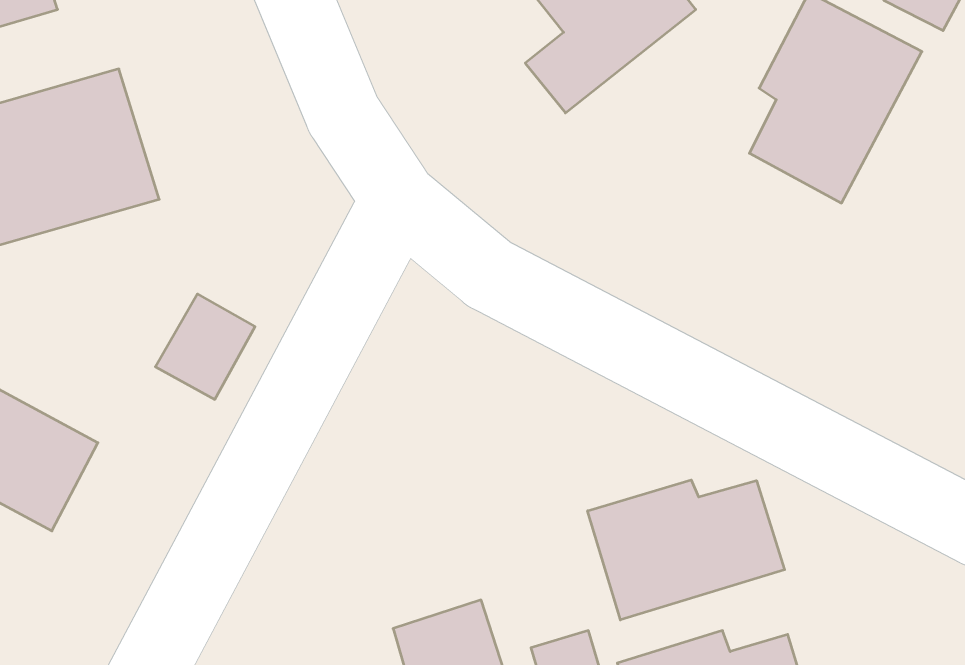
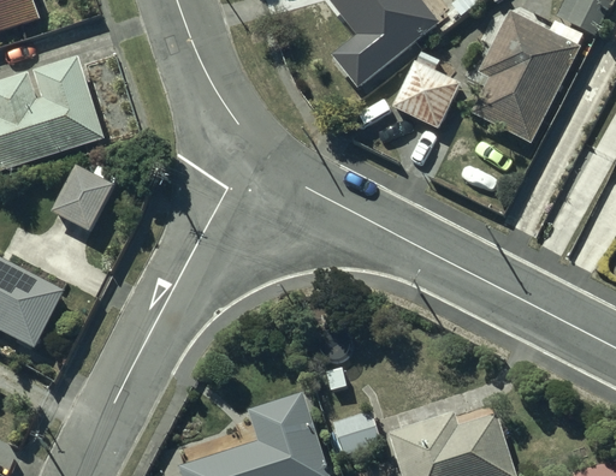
building: none -> [391,59,460,127]
building: [155,294,255,399] -> [49,163,112,230]
building: [588,480,785,620] -> none

